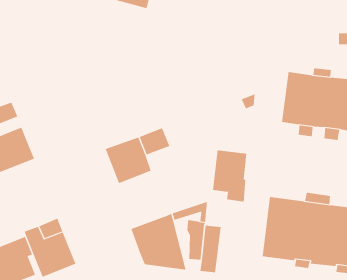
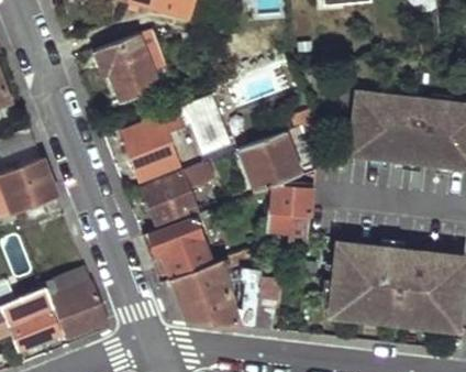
building: none -> [95,28,174,101]
building: none -> [121,92,232,177]
building: none -> [241,130,300,190]
building: none -> [143,209,213,278]

